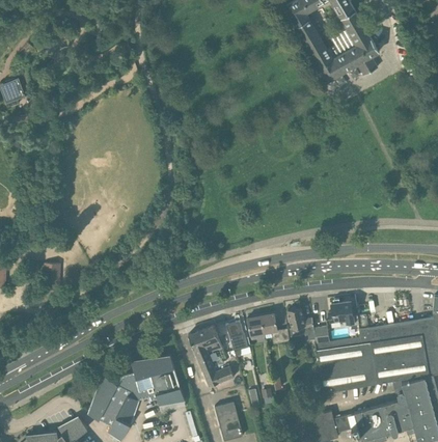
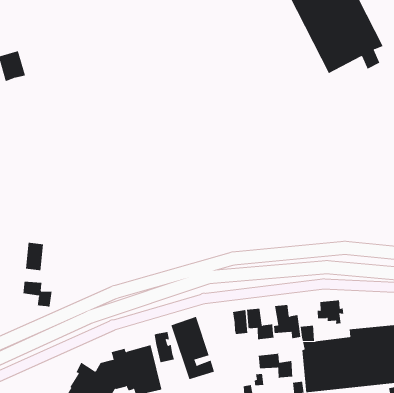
building: none -> [23,281,52,307]
building: [225,321,247,352] -> [154,331,175,363]
building: none -> [258,353,293,379]

